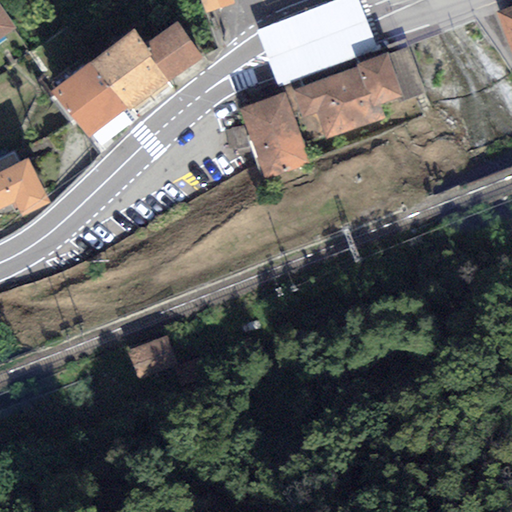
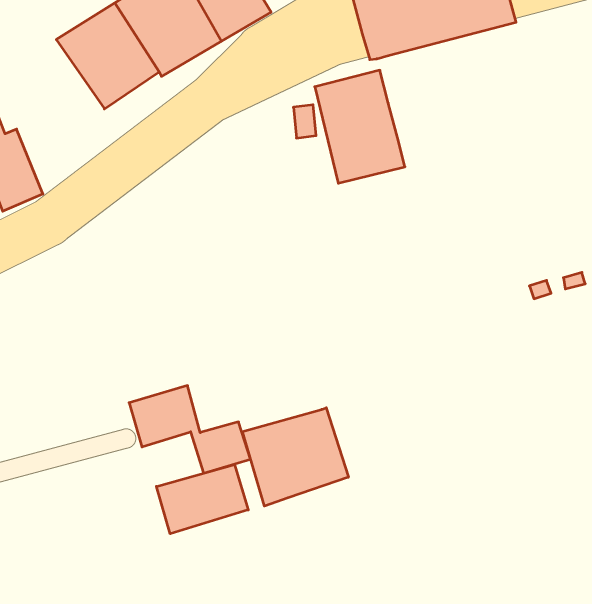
building: [282,52,403,143] -> none
building: none -> [243,408,348,506]
building: none -> [156,464,248,534]

